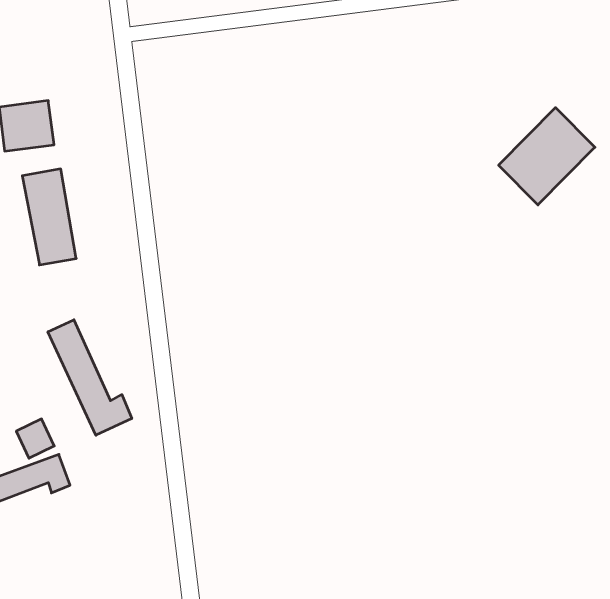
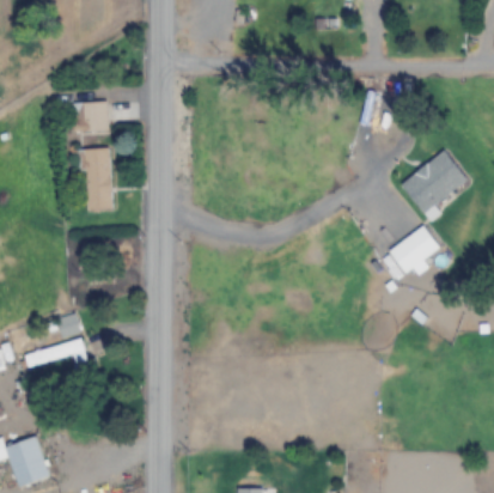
building: none -> [389,226,441,274]
building: [48,320,132,435] -> none

